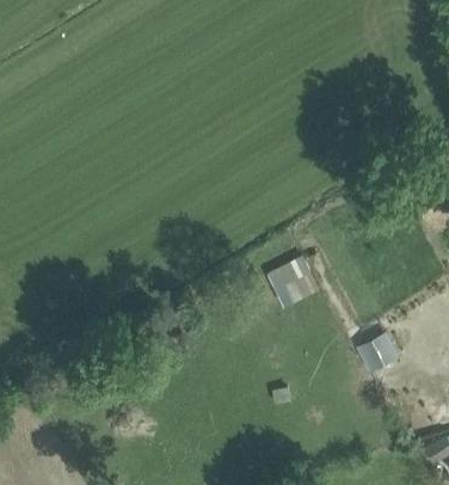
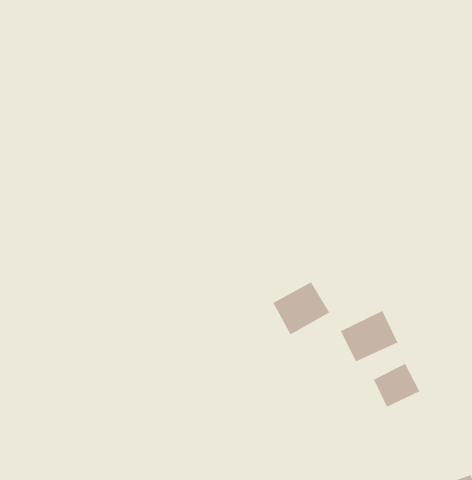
building: none -> [340,310,398,362]

